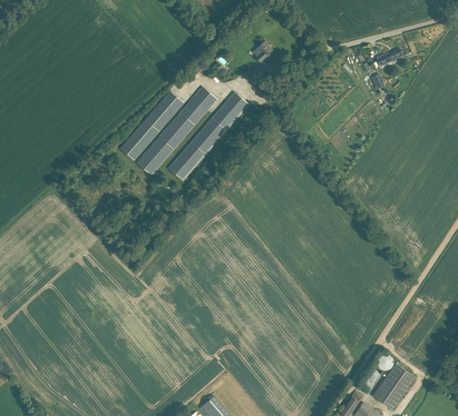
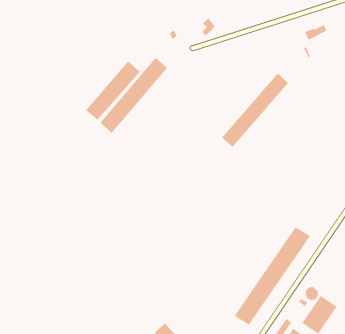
building: [168,92,247,180] -> [221,73,289,148]
building: none -> [234,226,311,326]

